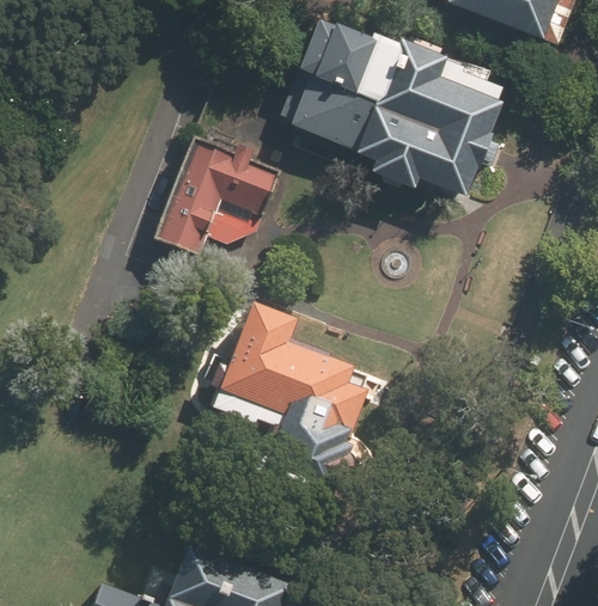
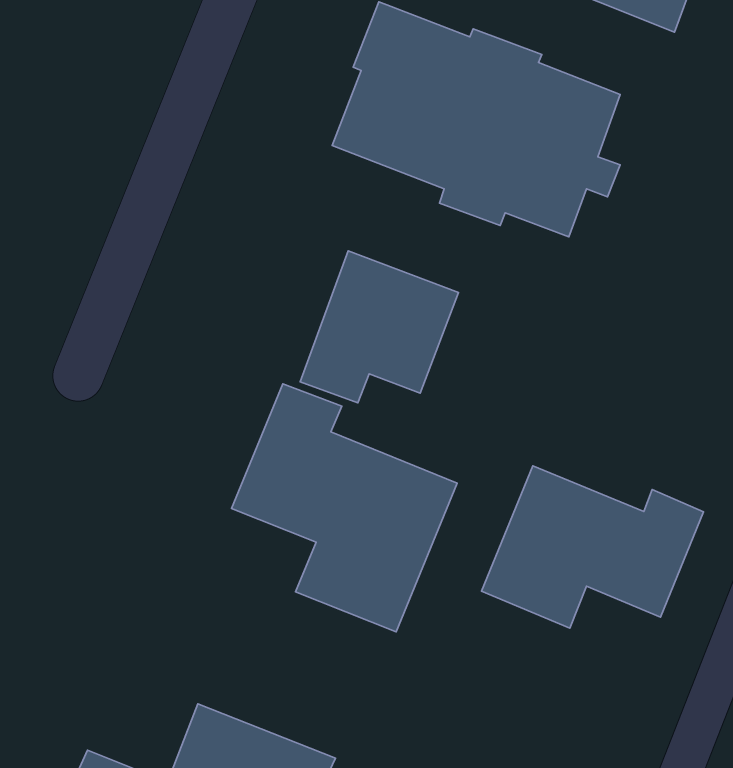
building: [160,139,279,252] -> [300,251,459,403]
building: none -> [482,466,703,628]

